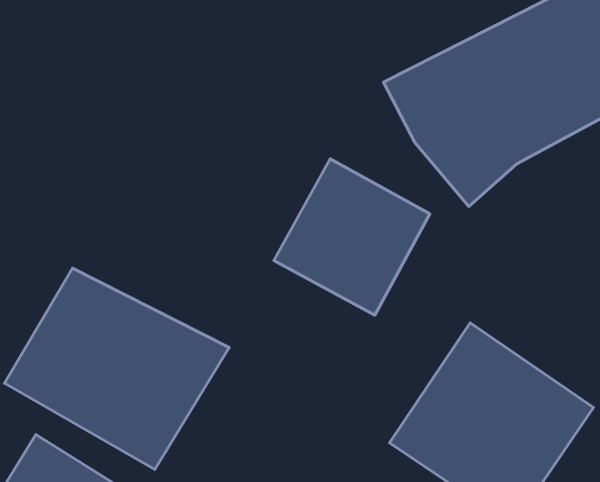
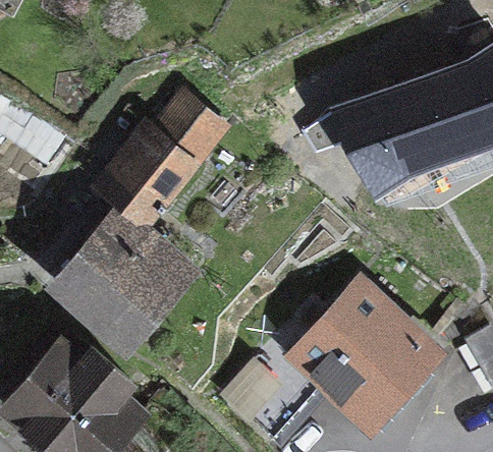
building: none -> [88,84,237,230]
building: [274,159,430,315] -> none

